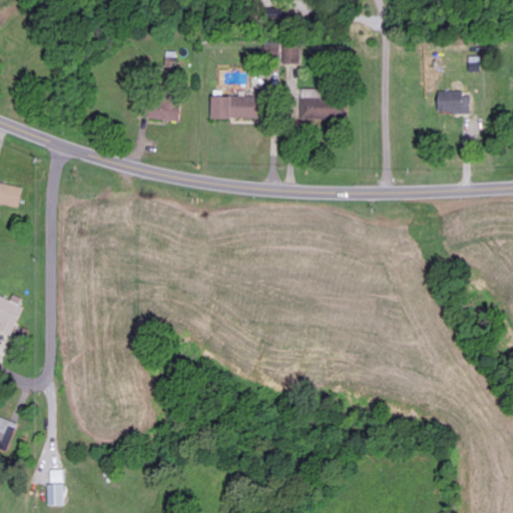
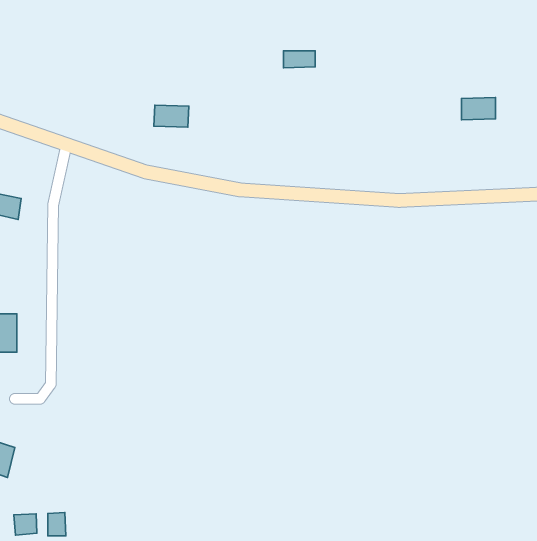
building: [208,96,261,119] -> none
building: [299,98,342,120] -> none
building: none -> [14,514,37,535]

